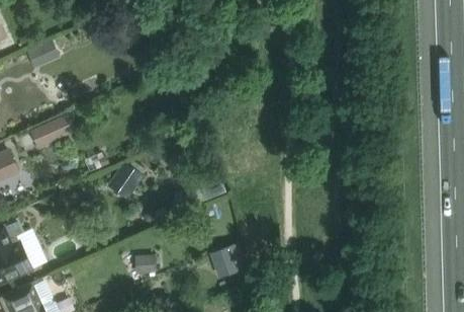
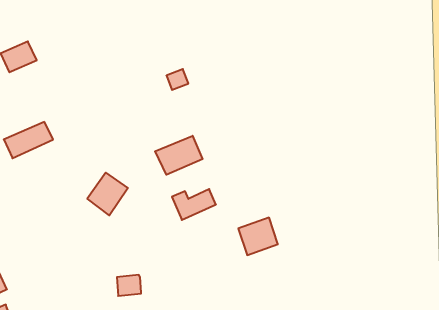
building: none -> [155,136,203,175]
building: [210,243,247,278] -> [238,218,278,255]

